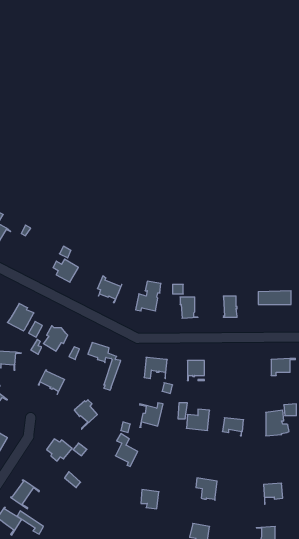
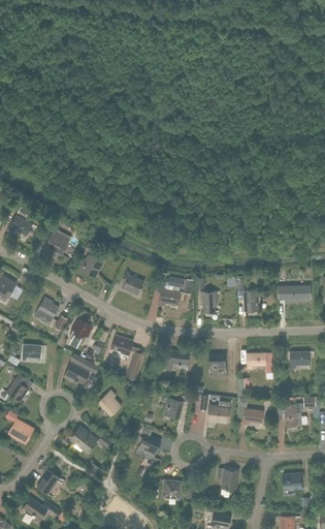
building: none -> [43,229,70,255]
building: none -> [247,352,279,369]

